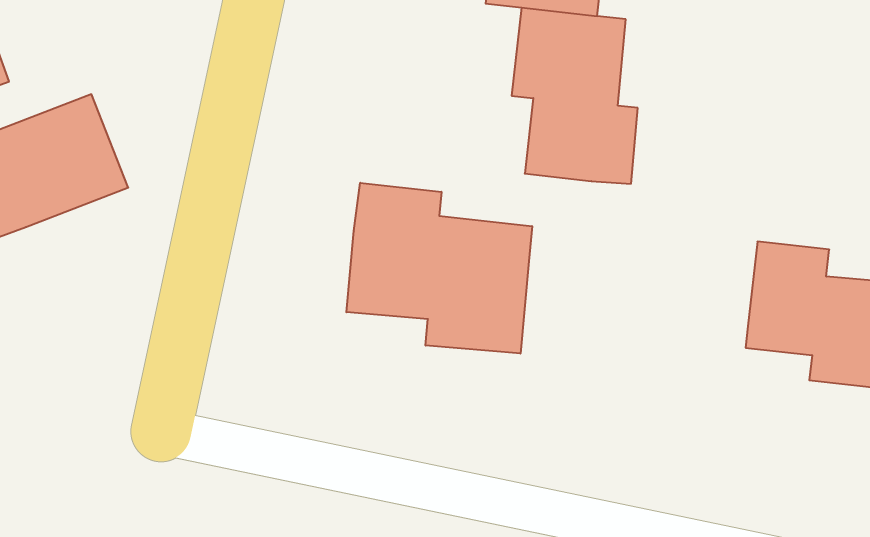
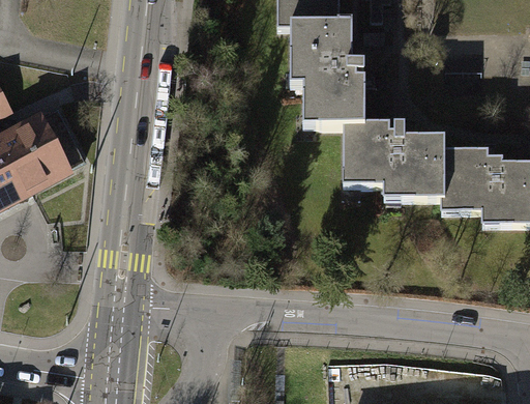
building: none -> [348,126,446,201]
building: [346,183,532,354] -> none

